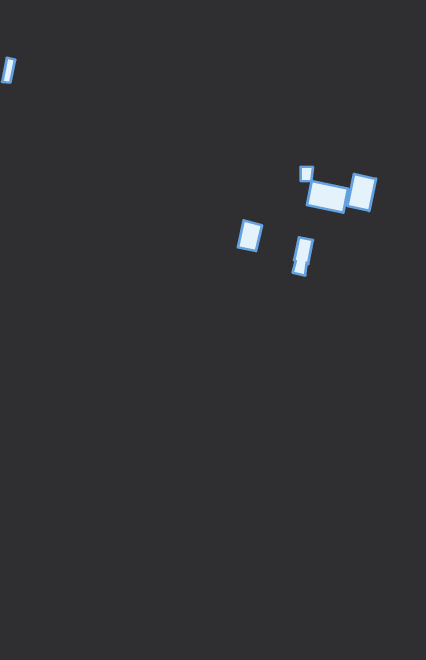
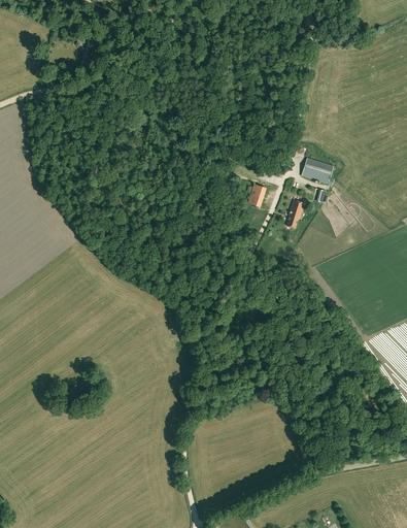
building: [348,174,376,211] -> none

